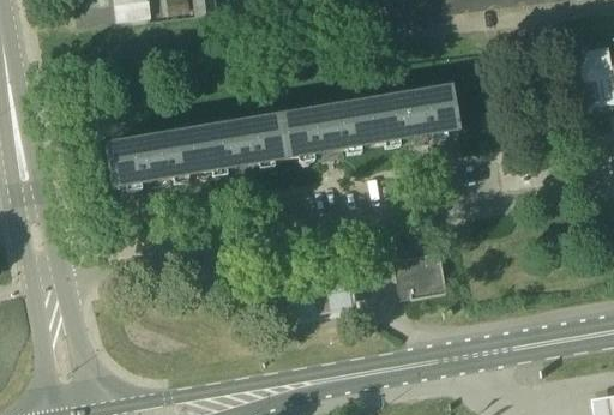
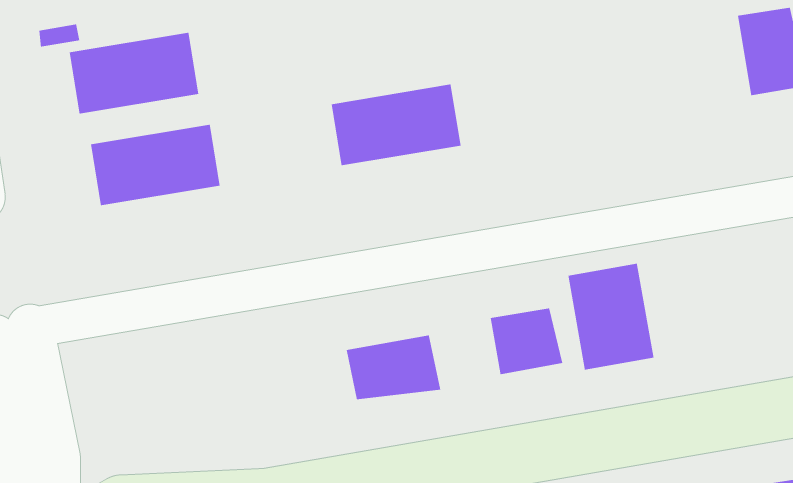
building: [366,84,459,143] -> none
building: [193,113,287,172] -> [69,32,199,114]
building: none -> [568,263,654,371]

